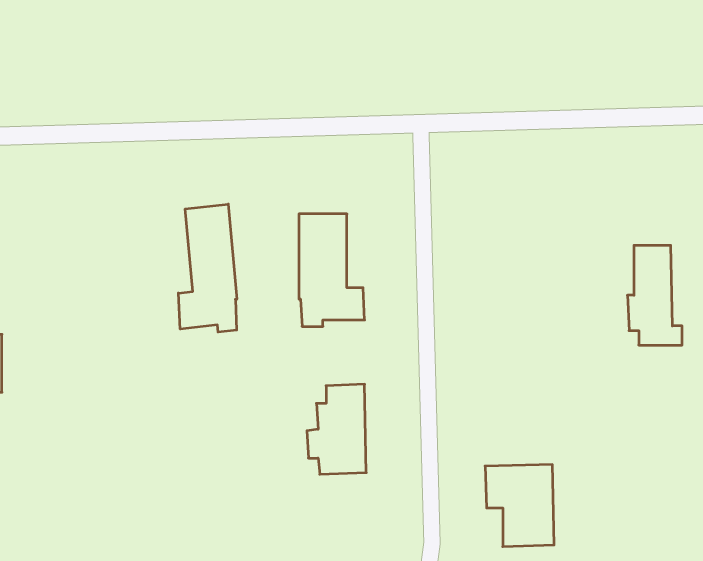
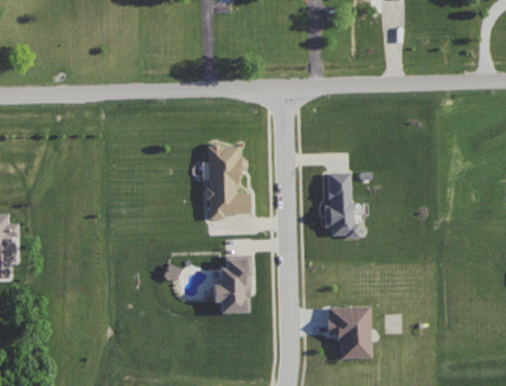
building: [178,204,237,332] -> none
building: [627,245,682,345] -> [323,173,358,237]

